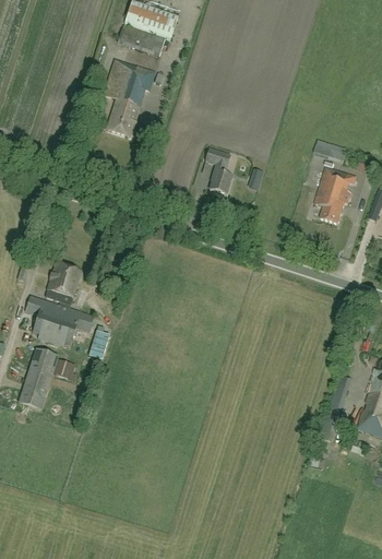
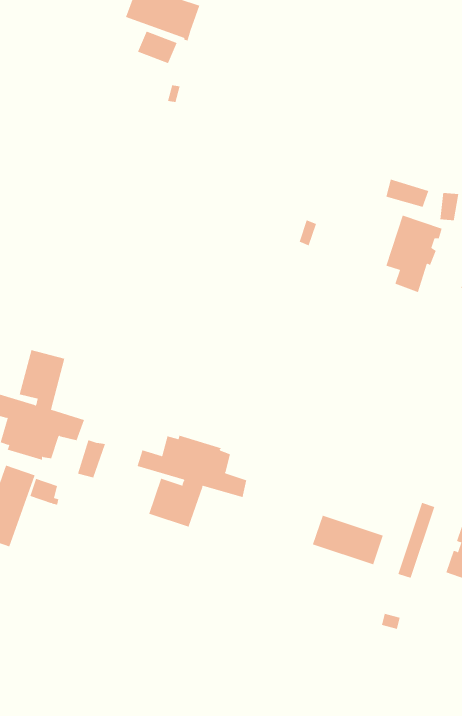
building: [103,59,154,136] -> none
building: [205,148,231,194] -> none
building: none -> [137,435,247,527]
building: none -> [312,515,384,565]

